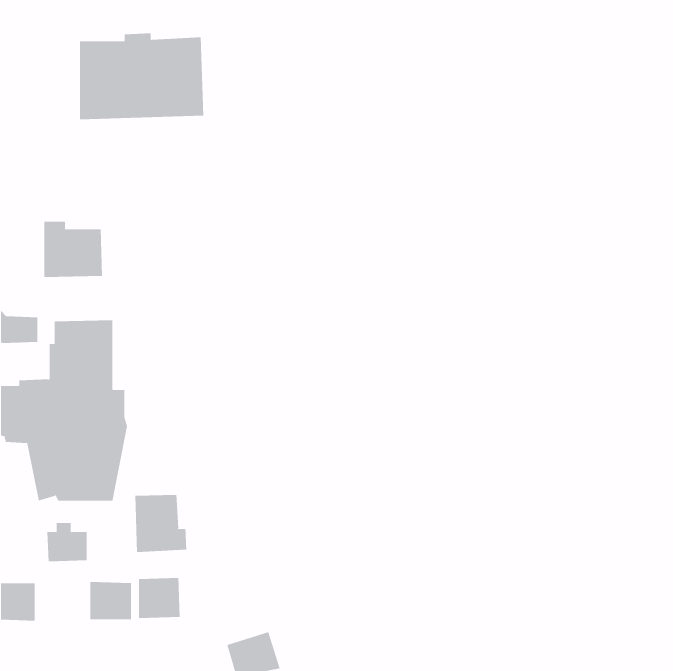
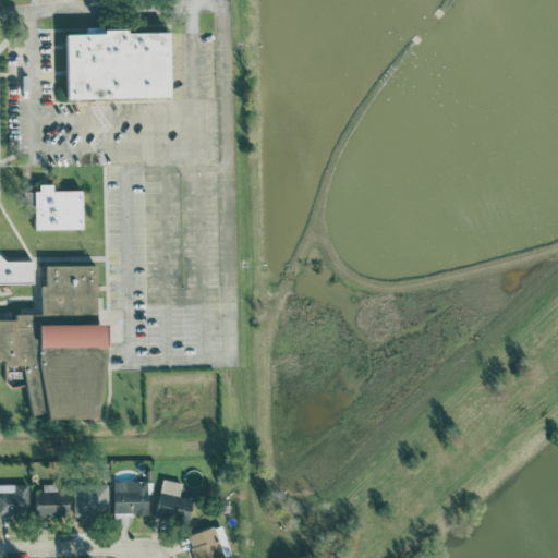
building: [135,494,187,553] -> none
building: [47,522,87,562] -> [36,484,70,517]
building: none -> [157,478,194,520]

